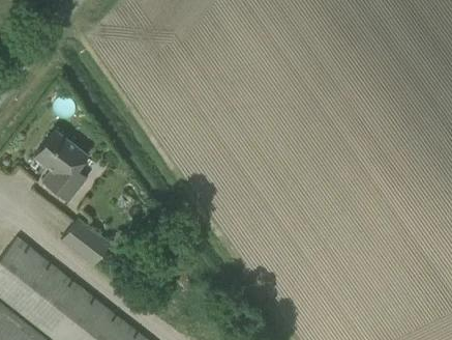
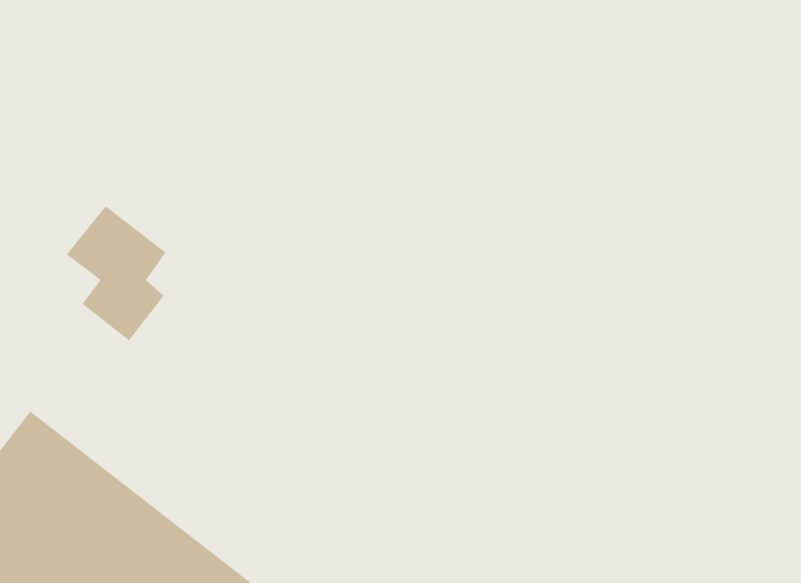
building: [60,219,112,267] -> none

